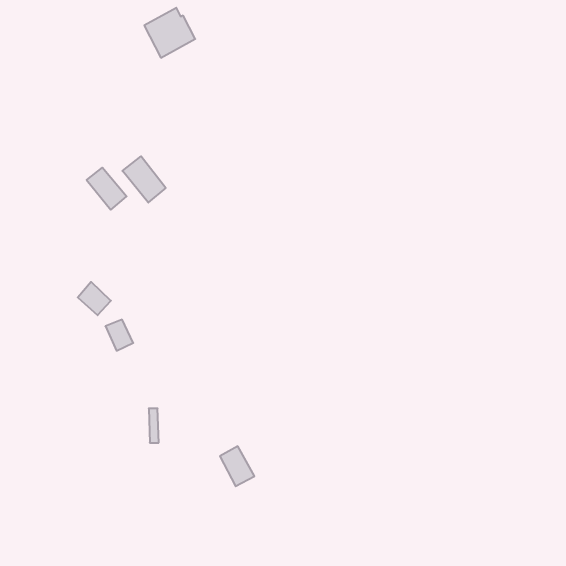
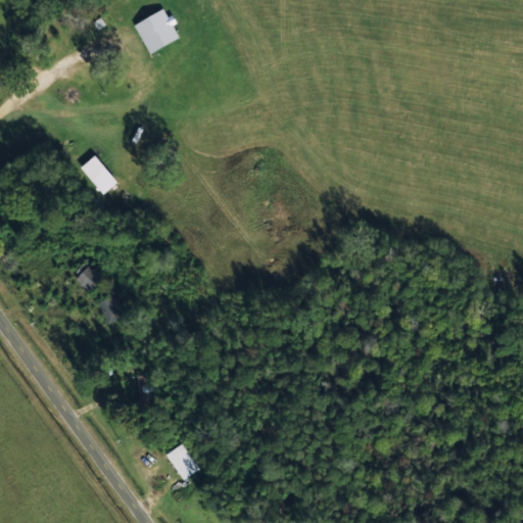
building: [122,156,166,203] -> none
building: [220,446,254,486] -> [167,443,198,480]

